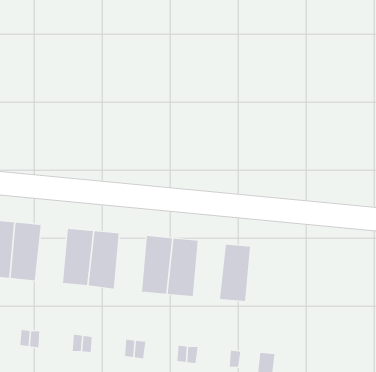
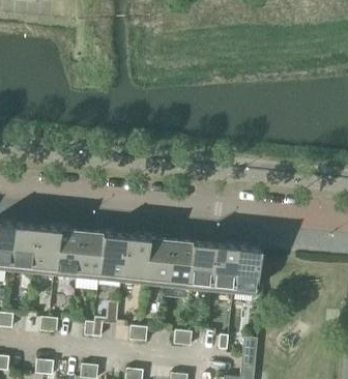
building: none -> [53,227,80,276]
building: none -> [120,234,147,284]
building: none -> [187,240,214,290]
building: none -> [232,245,260,295]

